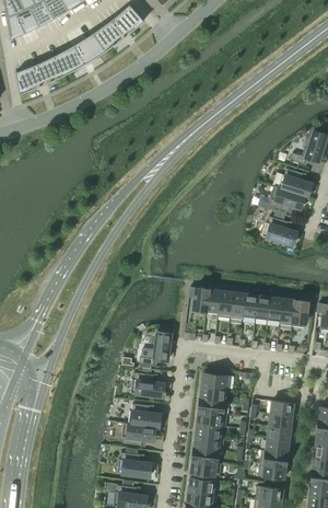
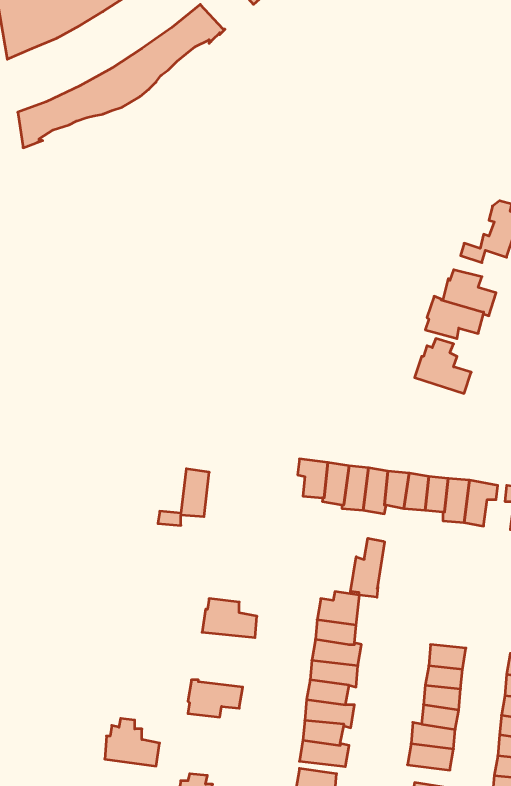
building: [140,332,172,367] -> [158,469,209,525]
building: none -> [350,538,385,597]
building: [129,404,162,429] -> none
building: [118,449,152,478] -> [105,718,160,766]

